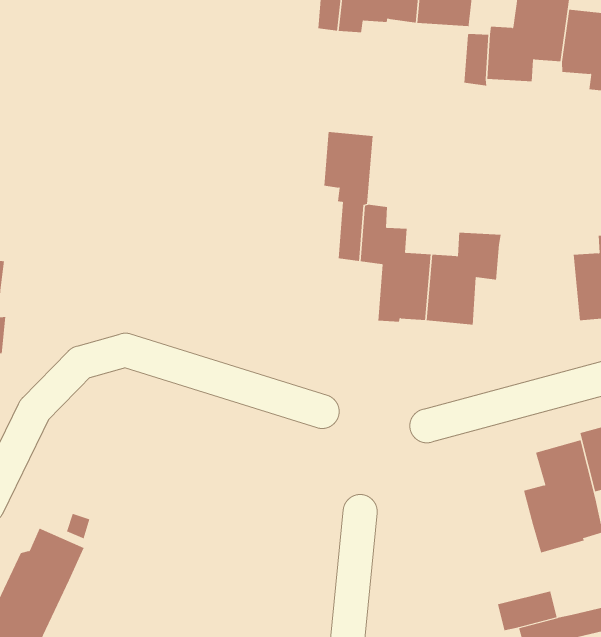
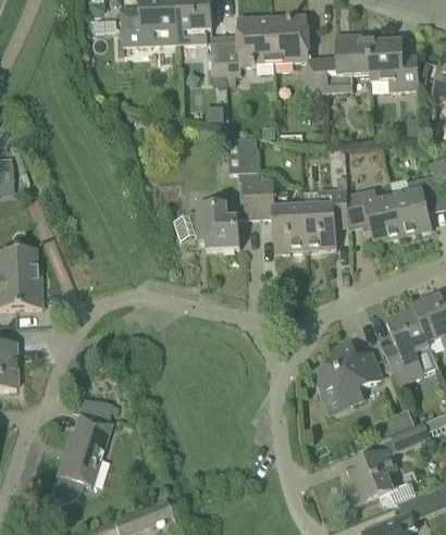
building: none -> [174,202,239,247]
building: none -> [346,188,402,241]
building: none -> [314,341,381,405]

